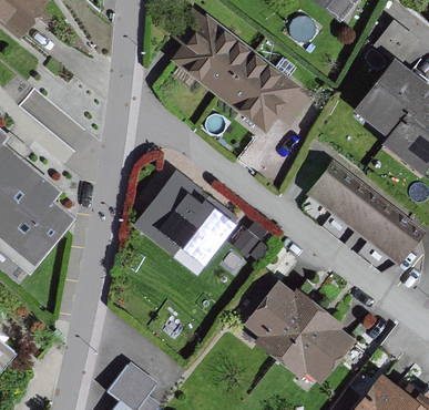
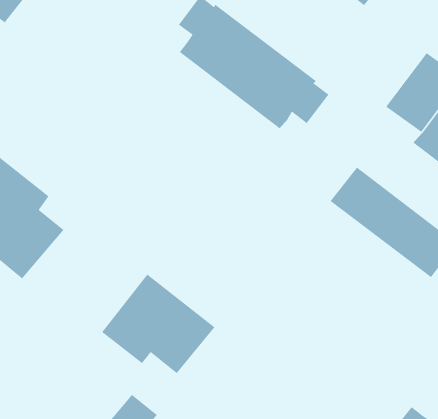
building: [135,174,237,264] -> [101,274,215,374]
building: [246,283,351,381] -> none

